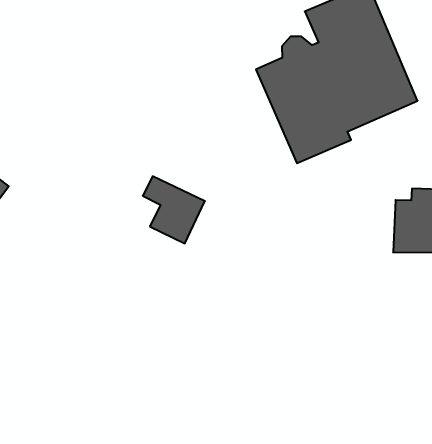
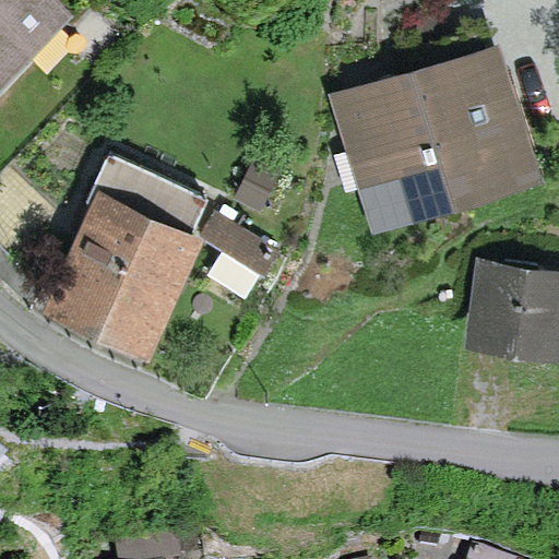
building: none -> [66,163,205,340]

